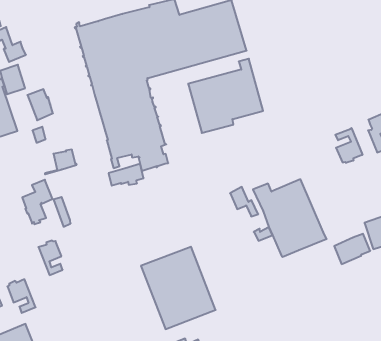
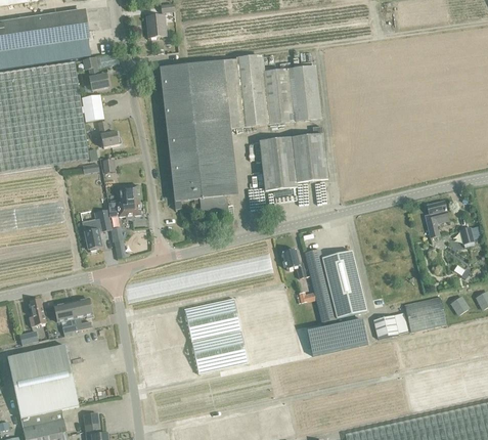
building: [335,128,362,163] -> none
building: [109,164,144,186] -> [108,201,141,219]
building: [38,241,63,275] -> [72,298,92,331]
building: none -> [313,316,373,353]

